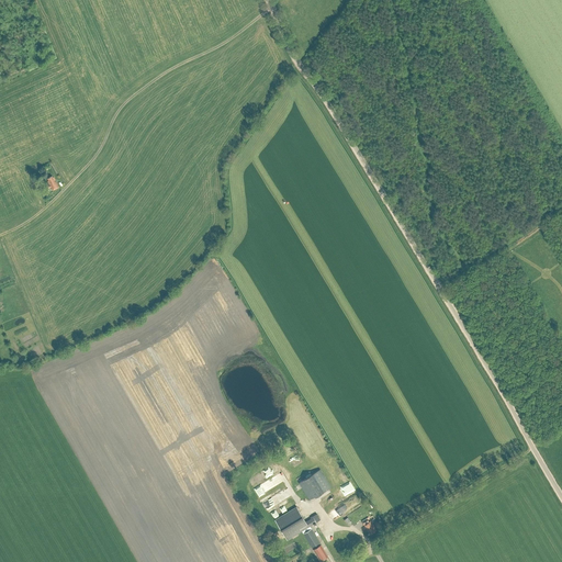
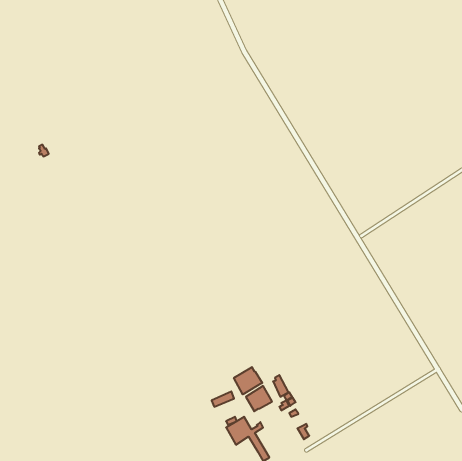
building: none -> [234,367,262,394]

